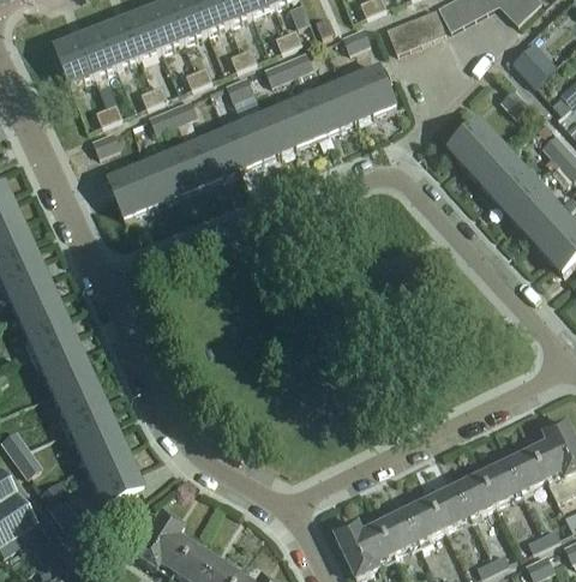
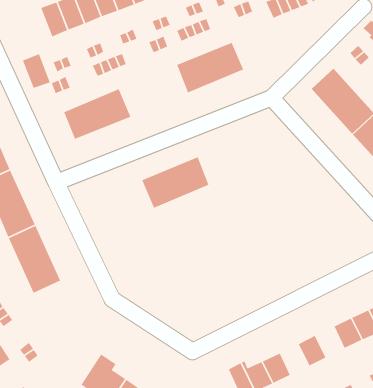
building: [54,35,94,84] -> [22,53,51,89]
building: [341,65,396,120] -> none
building: [186,113,280,185] -> [141,156,209,209]
building: [68,409,142,503] -> none
building: [455,472,494,515] -> none
building: [407,496,446,539] -> none

